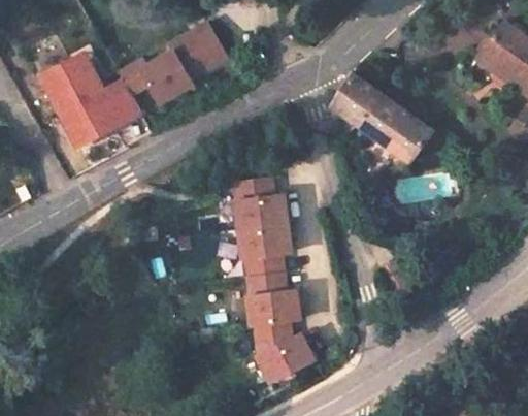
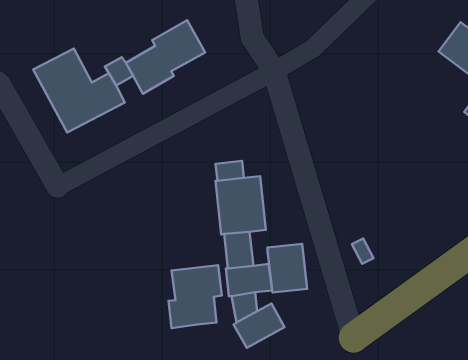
building: [335,75,433,162] -> none
building: none -> [268,244,307,293]
building: none -> [168,265,222,328]

